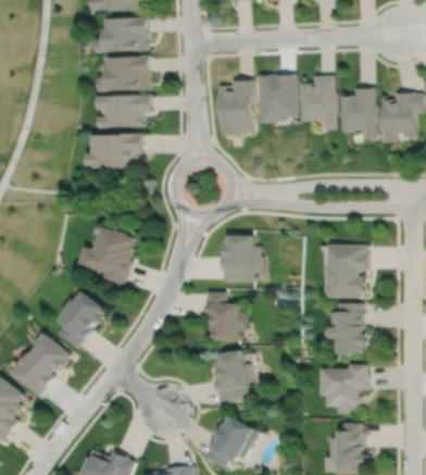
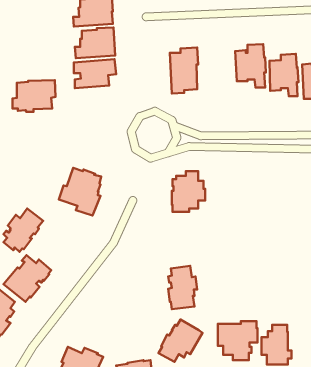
building: [256,75,296,123] -> none
building: [88,134,141,173] -> [12,80,56,112]
building: [326,242,368,295] -> none
building: [203,293,242,345] -> none
building: [57,295,105,348] -> [4,209,43,252]
building: [327,301,368,351] -> none
building: [320,363,368,411] -> [218,321,258,360]

